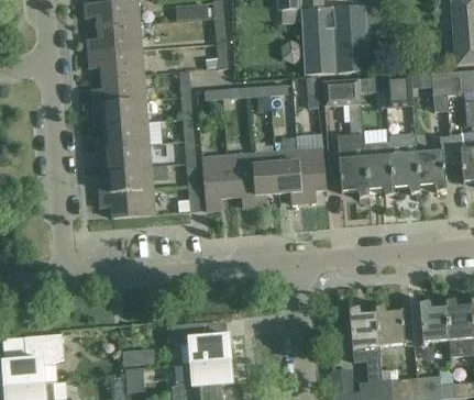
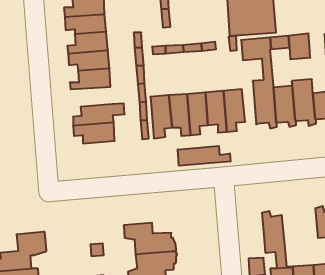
building: [96,143,151,169] -> none
building: none -> [178,146,230,166]
building: [375,304,405,346] -> none

